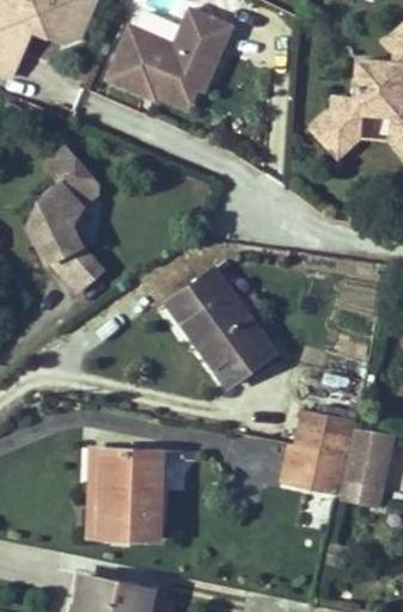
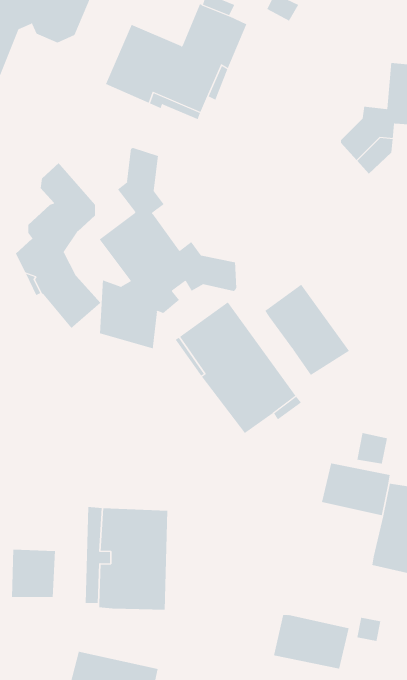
building: none -> [99,147,237,349]
building: none -> [265,284,350,376]
building: [283,445,350,492] -> [273,615,349,669]
building: none -> [12,549,55,598]

